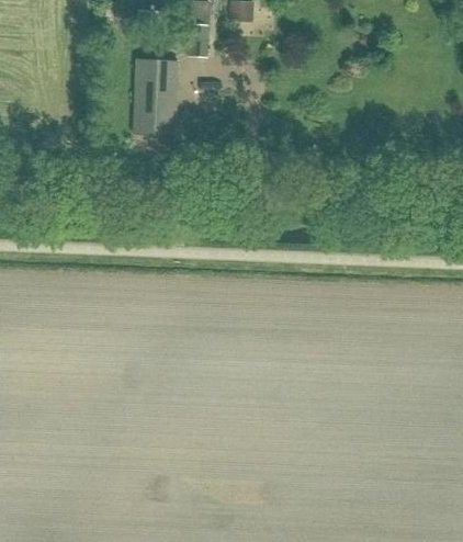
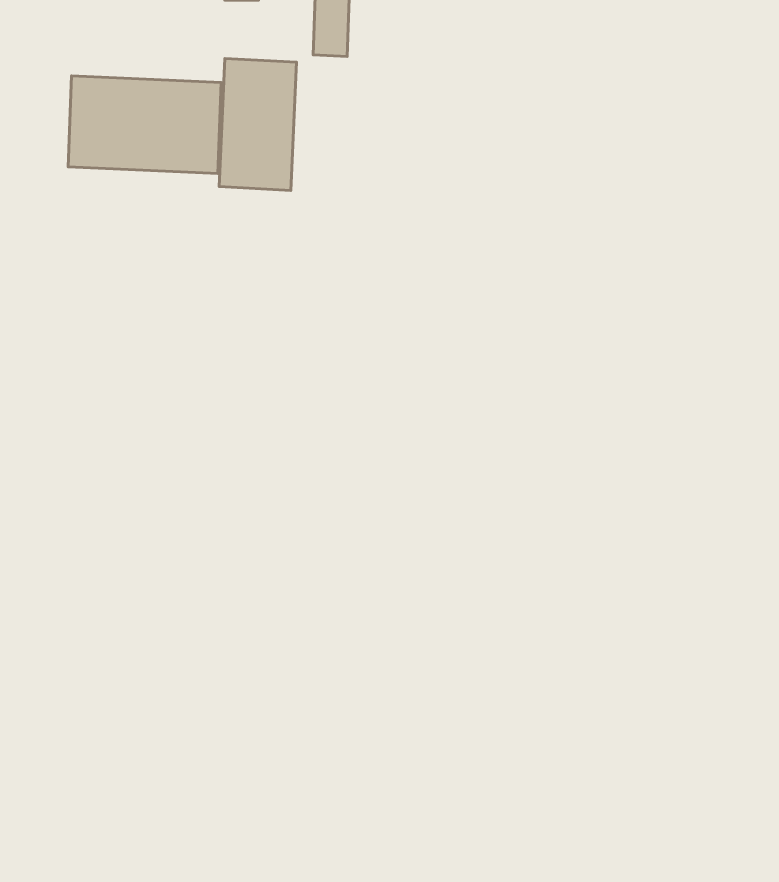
building: none -> [68,76,221,174]

